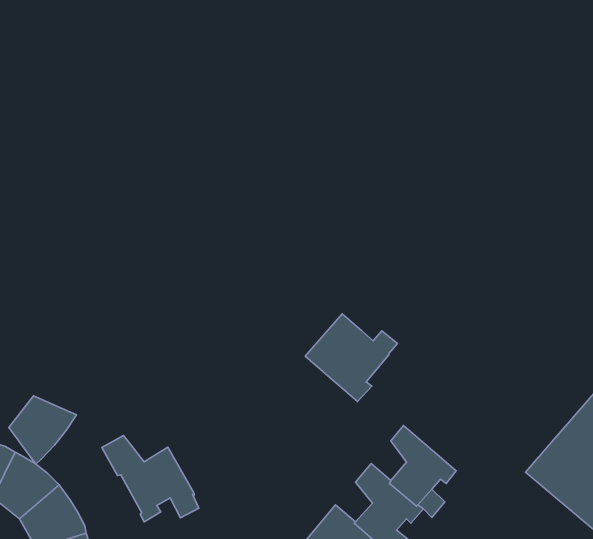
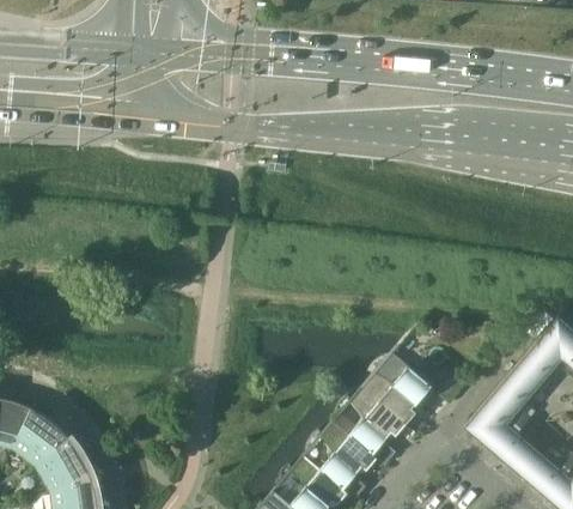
building: [305,314,397,402] -> [360,351,438,425]
building: [9,396,76,464] -> none
building: [102,435,199,522] -> none

